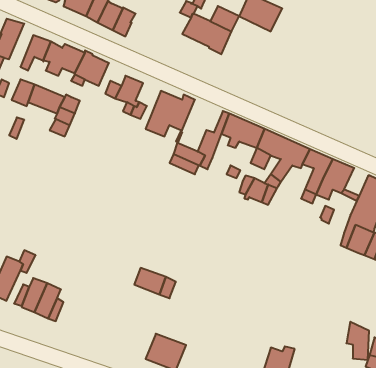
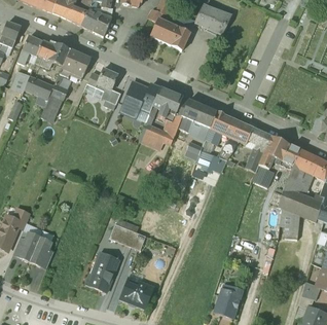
building: none -> [148,88,182,118]
building: none -> [85,253,118,293]
building: [346,322,369,360] -> [280,209,298,240]

